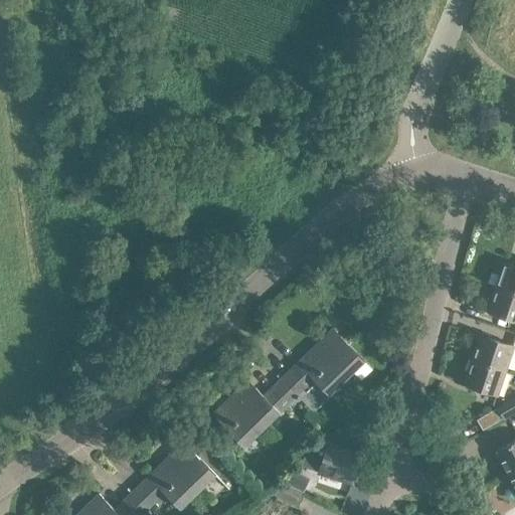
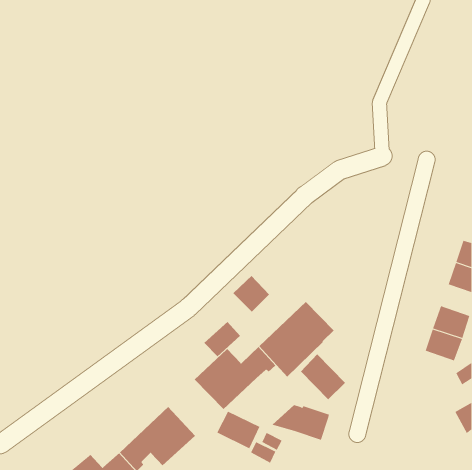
building: none -> [233,275,270,313]
building: none -> [203,321,241,357]
building: none -> [300,354,346,400]
building: none -> [216,411,260,449]

